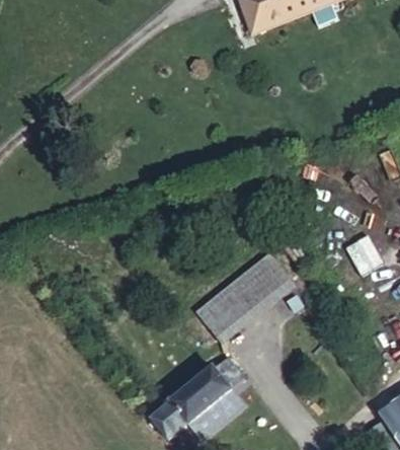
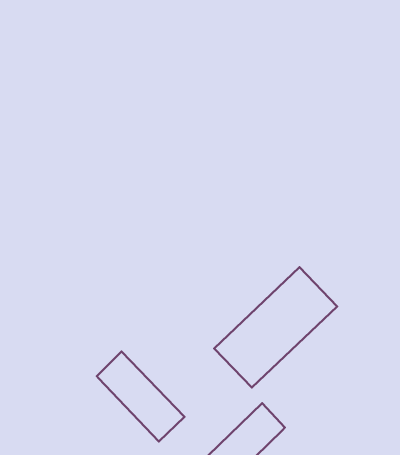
building: none -> [97,351,185,441]

